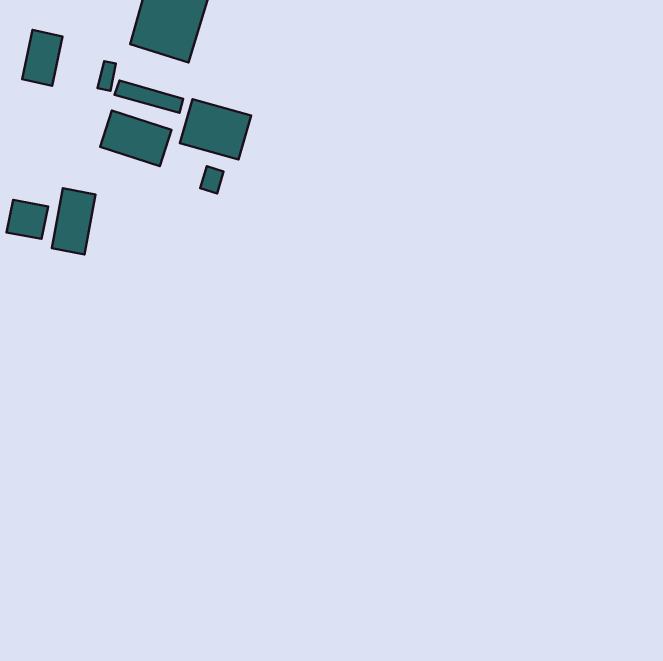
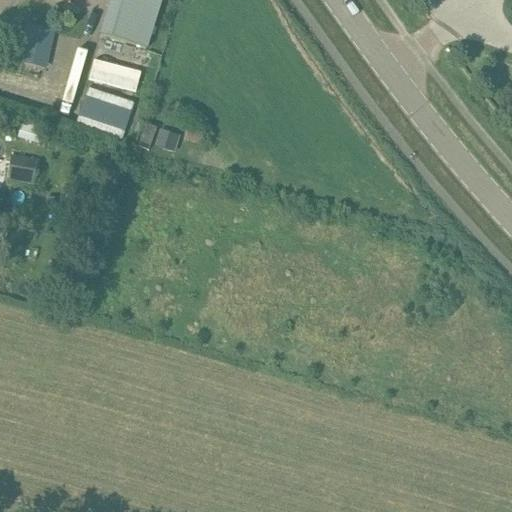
building: [180,99,251,160] -> none
building: [52,188,96,255] -> none

